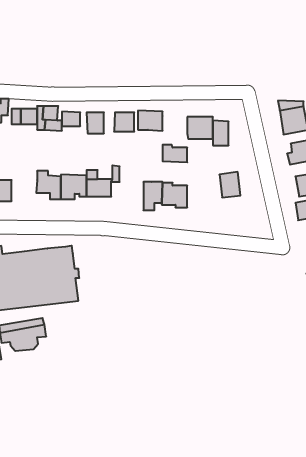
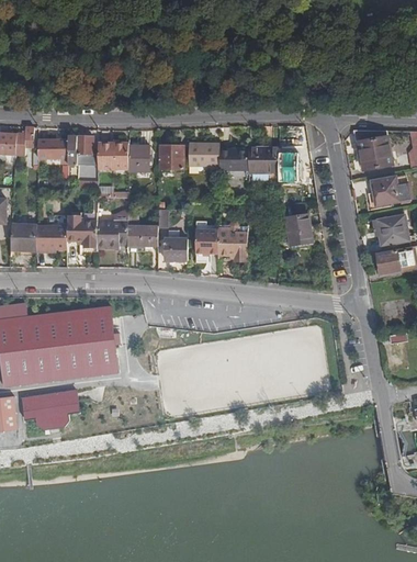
building: [163,145,187,162] -> [217,148,247,169]
building: none -> [36,225,67,251]
building: none -> [164,238,187,261]

